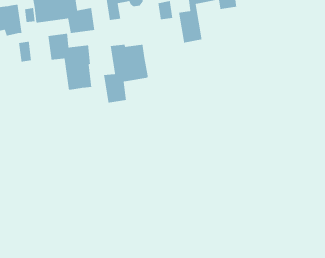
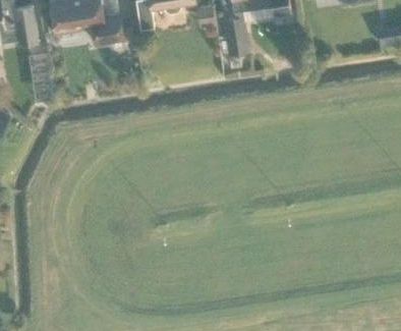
building: [47,33,92,91] -> none
building: [103,44,148,104] -> none

